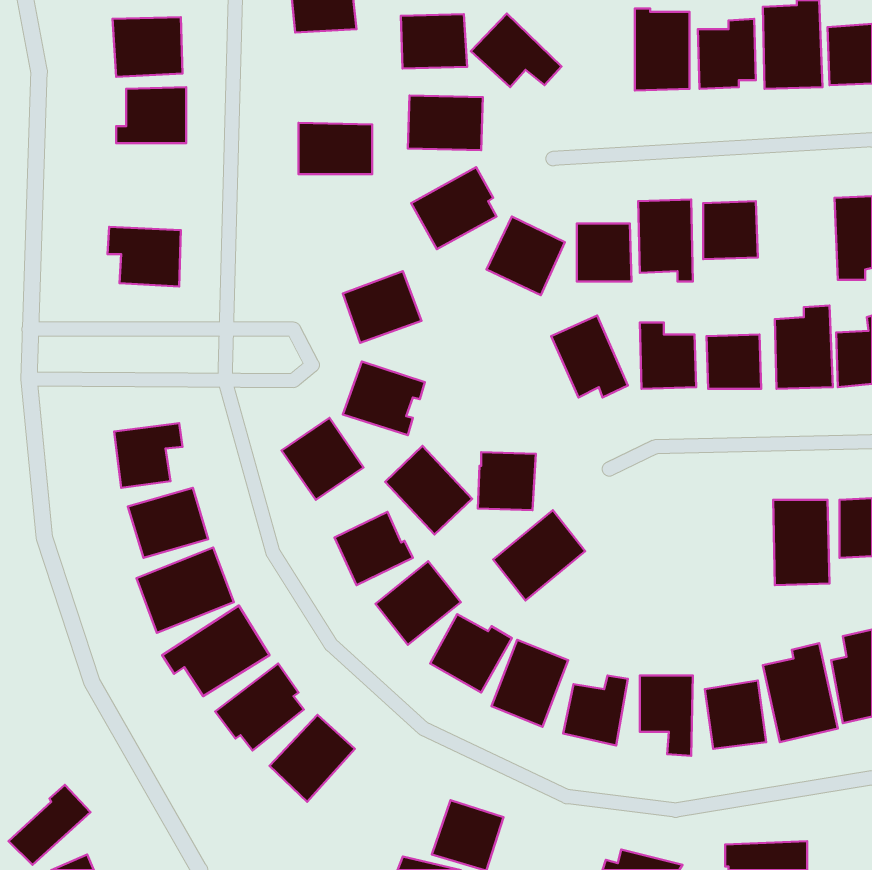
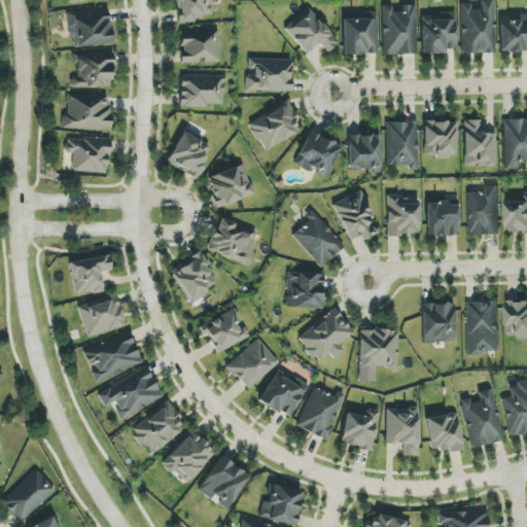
building: [401,14,467,69] -> [180,30,220,63]
building: none -> [343,11,378,55]
building: none -> [62,95,109,130]
building: none -> [464,119,496,166]
building: none -> [166,129,214,178]
building: [385,446,472,535] -> [291,213,344,267]
building: none -> [422,303,454,342]
building: none -> [359,329,397,381]
building: none -> [200,457,249,508]

